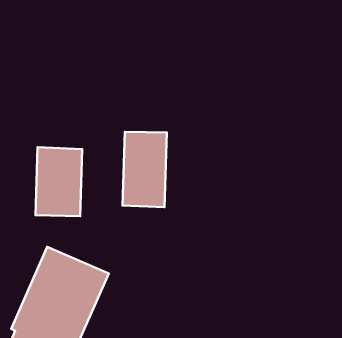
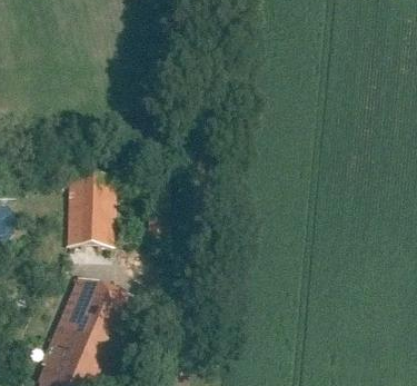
building: [123,132,167,207] -> none

